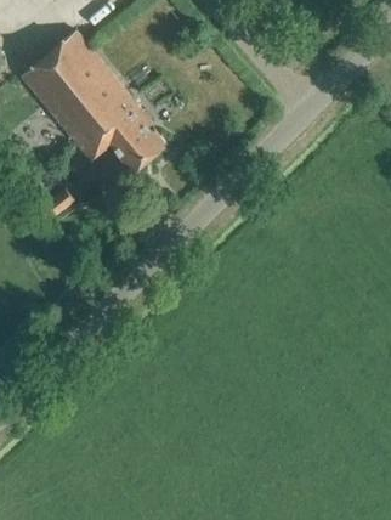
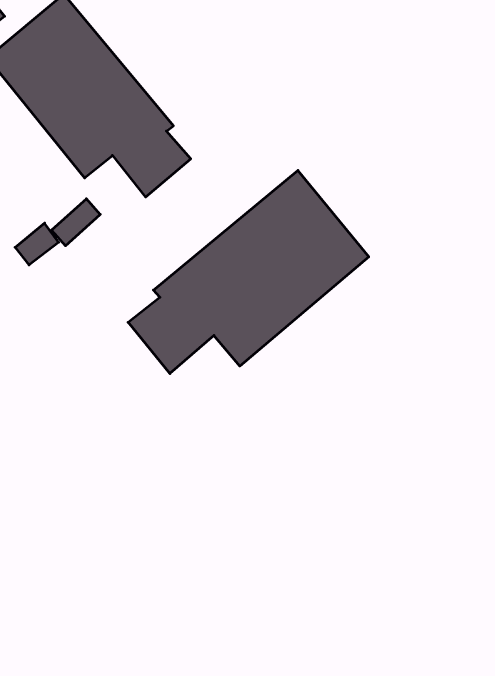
building: none -> [128,170,369,374]

